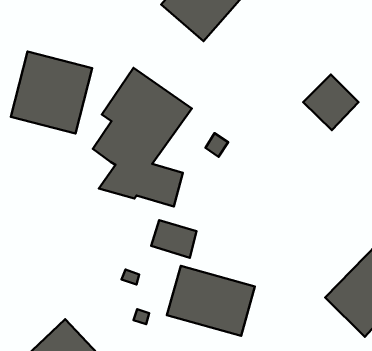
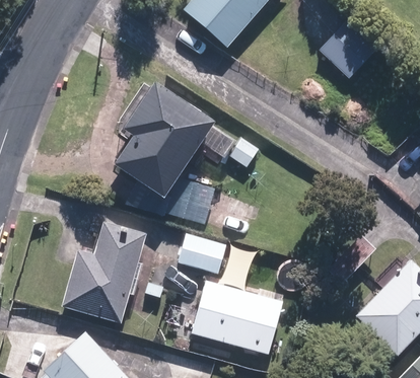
building: [11,52,92,133] -> none
building: [303,75,358,130] -> [321,22,377,79]
building: none -> [64,224,145,321]

